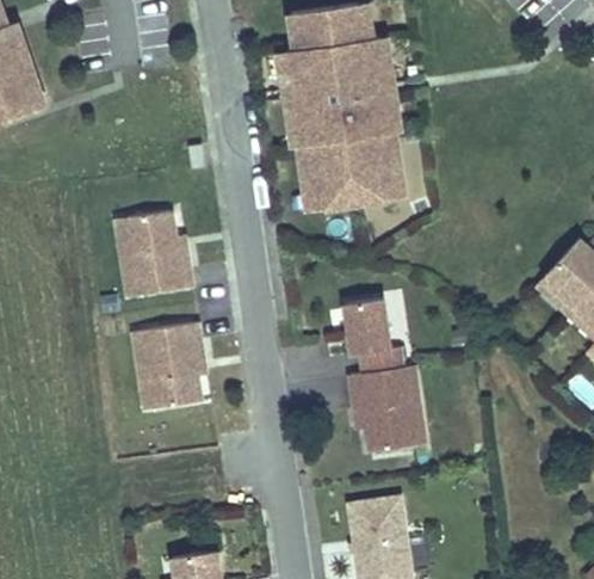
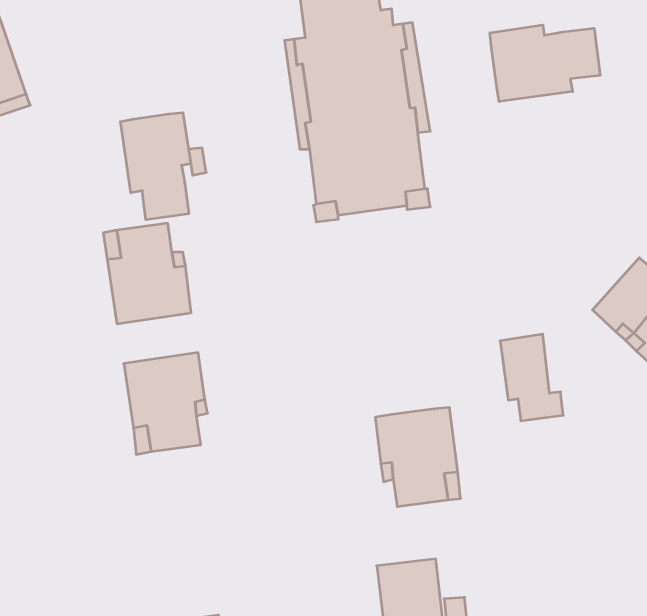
building: none -> [490,25,600,102]
building: none -> [120,113,191,220]
building: [347,301,402,376] -> [500,334,563,421]

